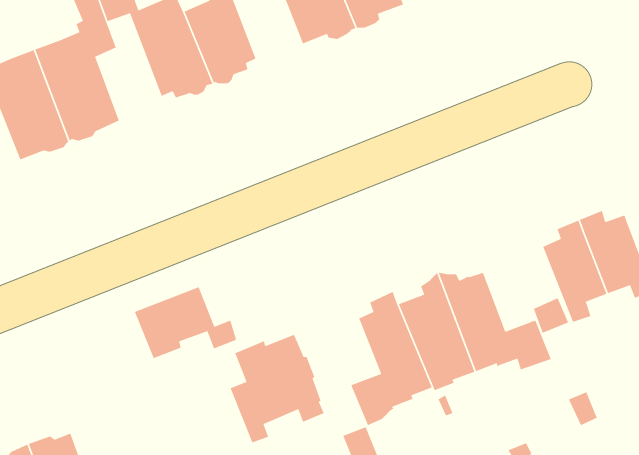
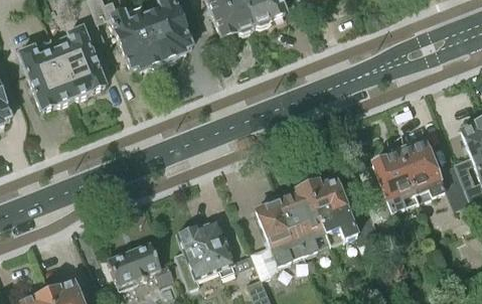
building: [134,286,237,359] -> [109,242,174,288]

